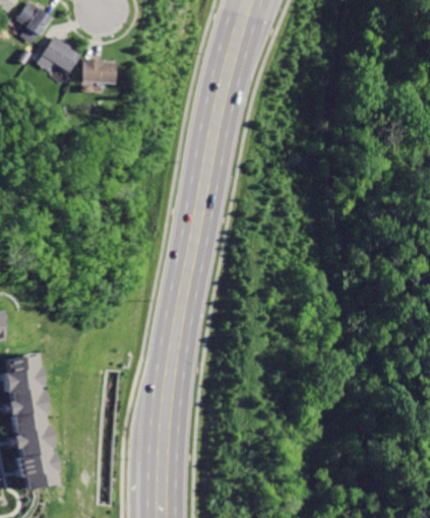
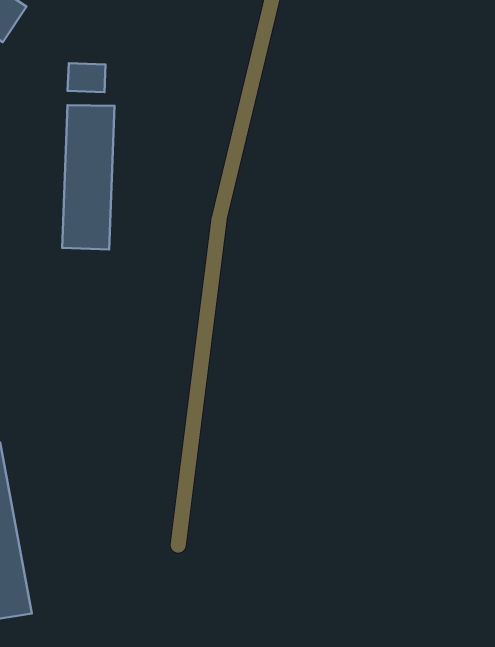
building: [39,38,83,74] -> none
building: none -> [62,105,114,250]

